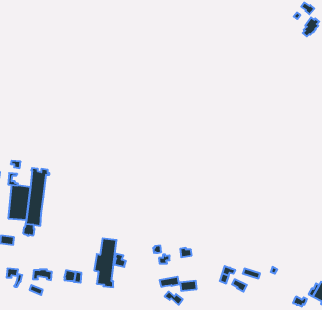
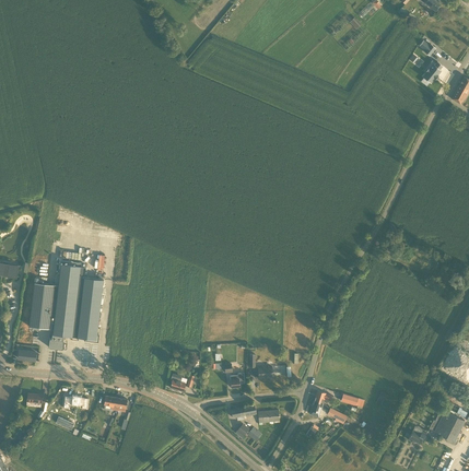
building: [94,238,117,287] -> [73,278,103,342]

